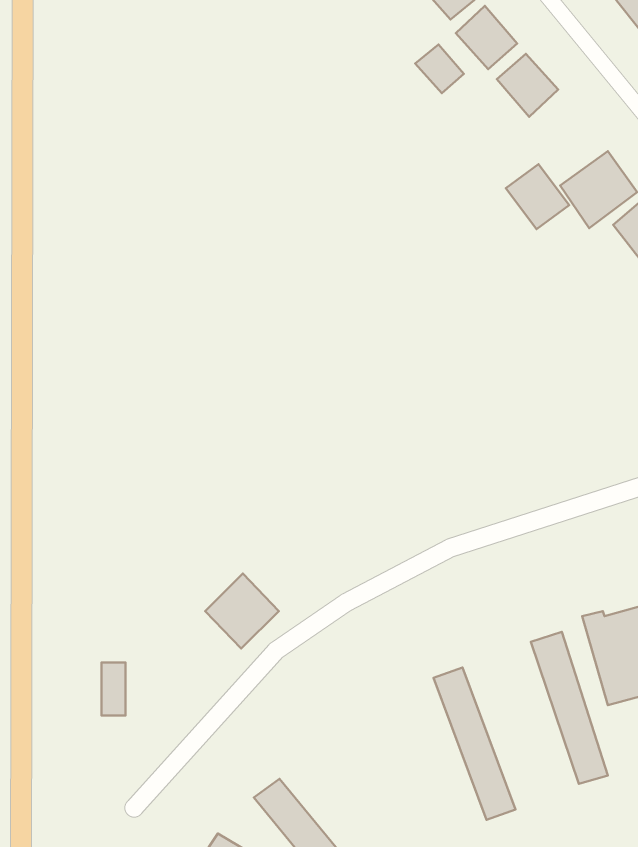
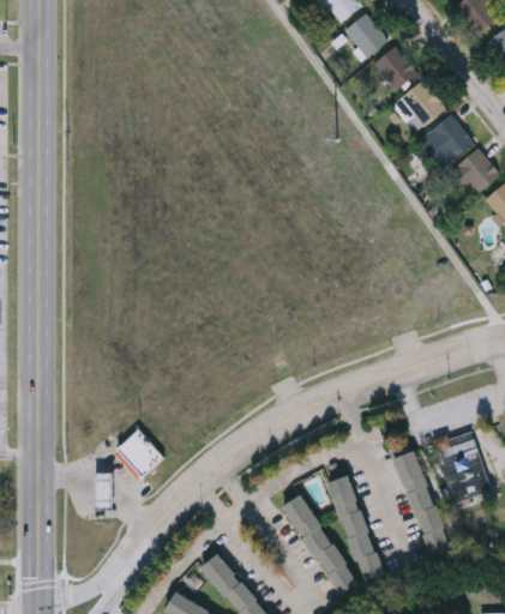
building: [415,44,464,93] -> none
building: [506,164,569,229] -> [398,79,443,125]
building: [205,573,279,649] -> [112,429,163,482]
building: none -> [284,494,357,596]

